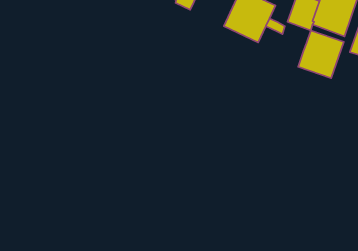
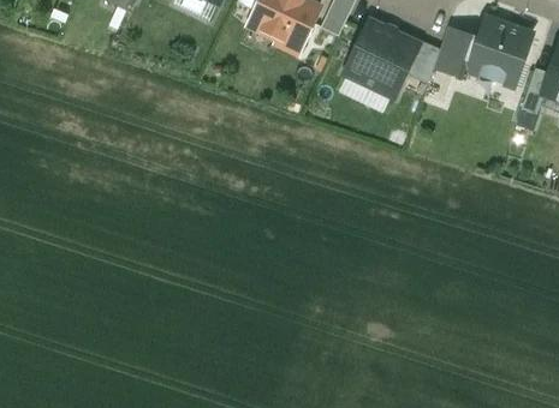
building: [298,31,344,78] -> none

